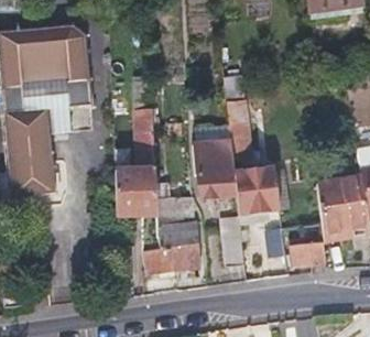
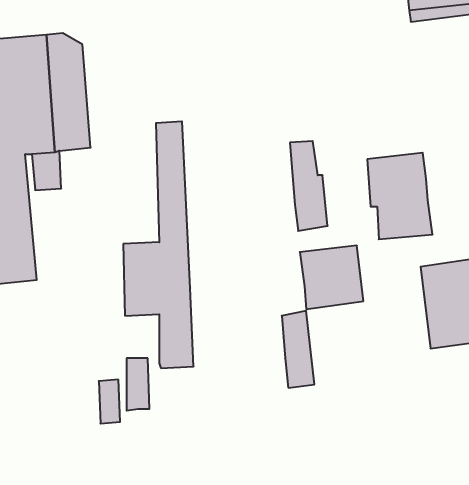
building: [193,141,237,199] -> [367,153,433,239]
building: [140,196,199,273] -> none
building: [287,238,326,269] -> none

